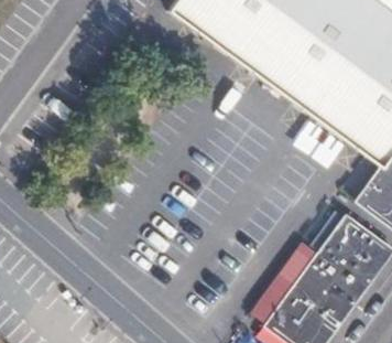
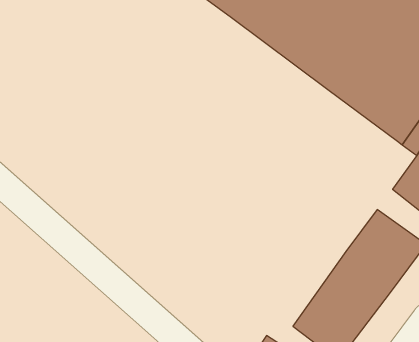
building: [252,243,320,324] -> none

